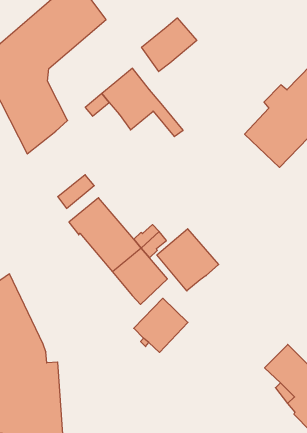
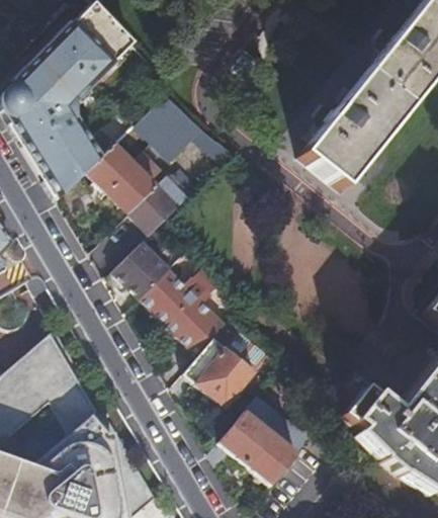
building: [142,18,197,72] -> none
building: none -> [89,146,193,236]
building: [157,229,219,291] -> none
building: none -> [210,411,298,487]

